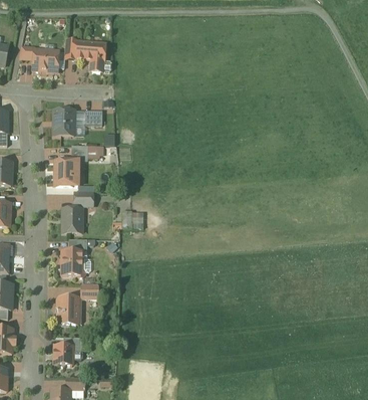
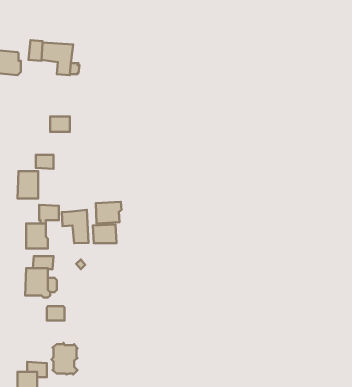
building: [54,110,74,134] -> none
building: none -> [96,202,121,223]
building: none -> [62,210,89,243]
building: [55,295,79,325] -> [51,343,78,375]

